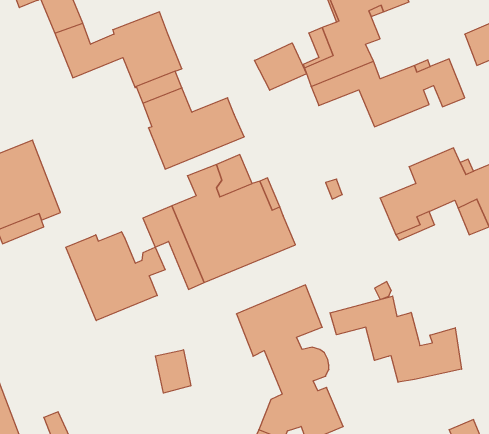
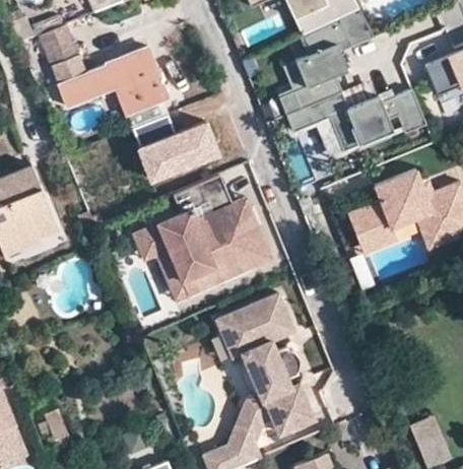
building: [254,43,307,90] -> none
building: [66,232,165,321] -> none
building: [330,296,462,382] -> none
building: [155,350,191,393] -> none

